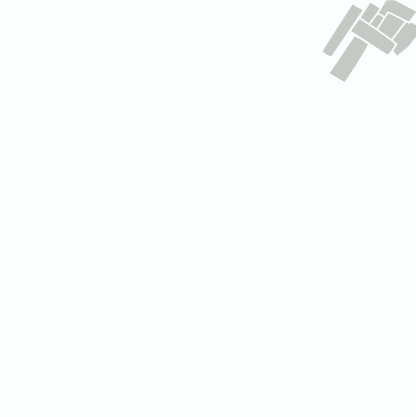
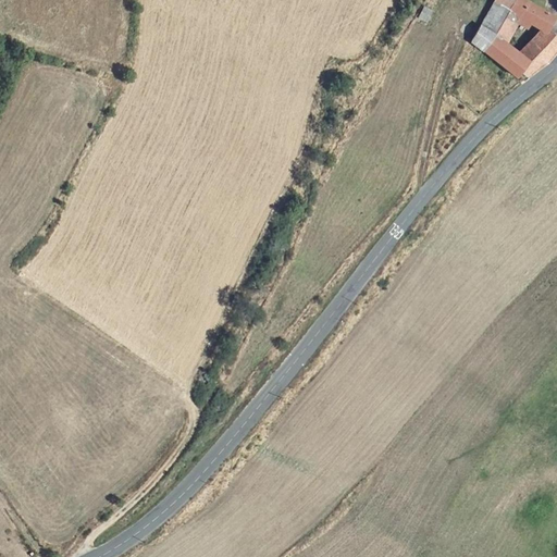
building: [321,4,364,57] -> none
building: [328,36,369,83] -> none

